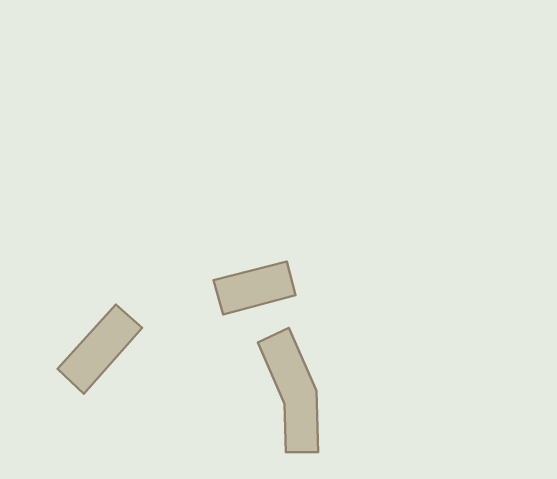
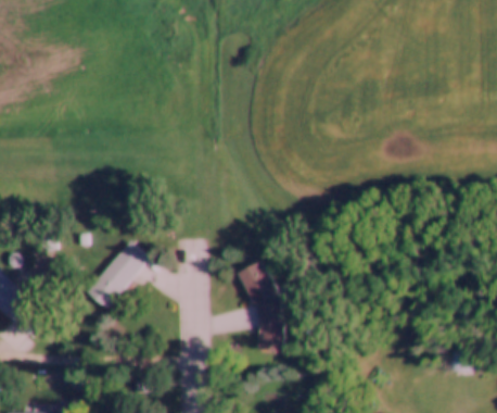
building: [213,261,295,314] -> none

